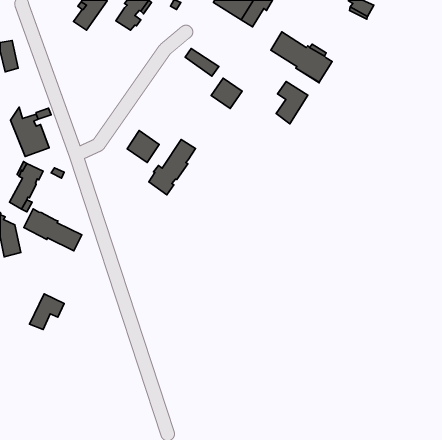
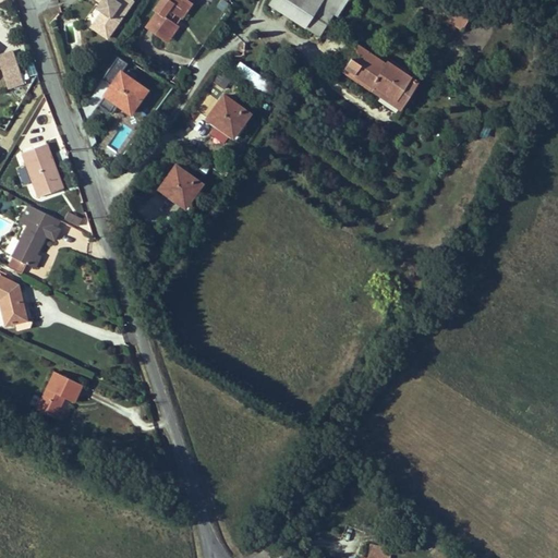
building: none -> [105,73,146,113]
building: [211,78,242,108] -> [208,97,247,135]
building: [276,81,308,124] -> none
building: [149,140,196,195] -> none
building: [24,209,82,251] -> none

